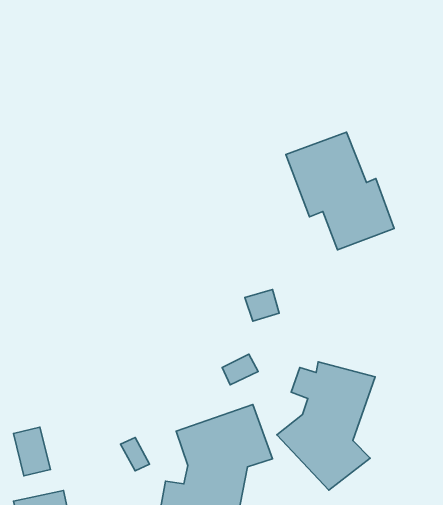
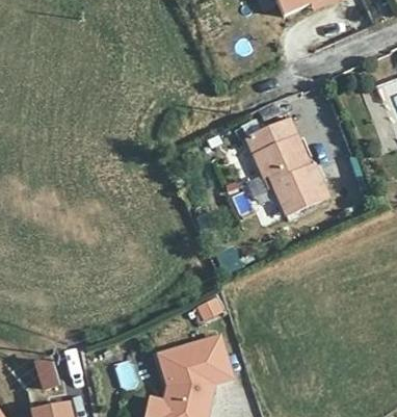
building: [277,362,375,490] -> none

